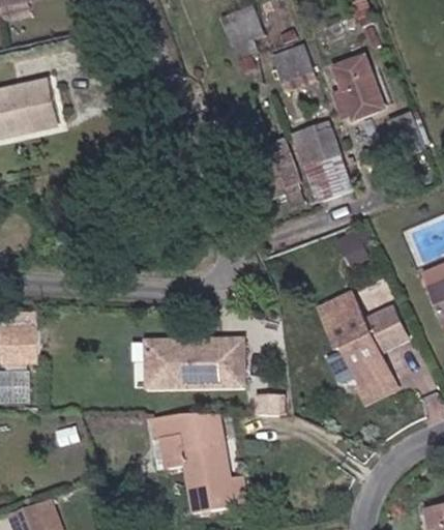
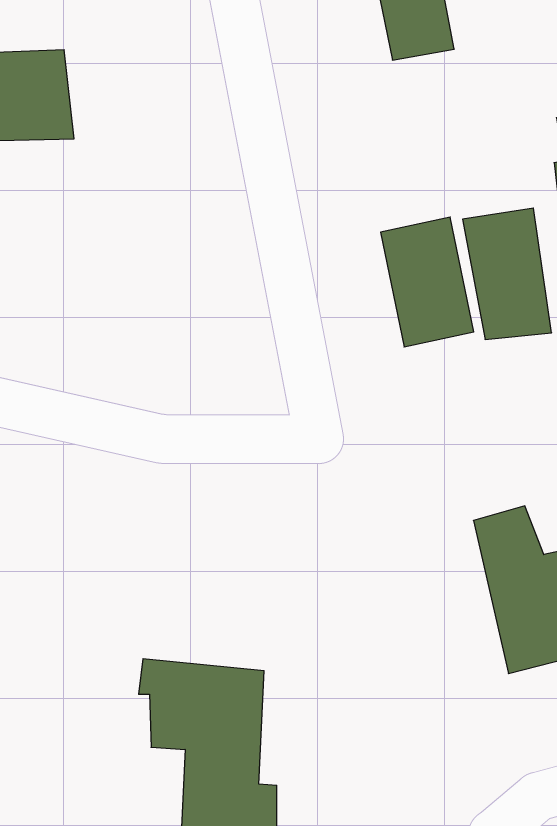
building: [268,43,316,83] -> none
building: [143,338,243,389] -> none

